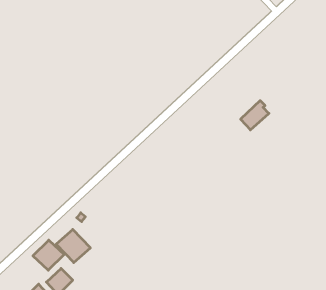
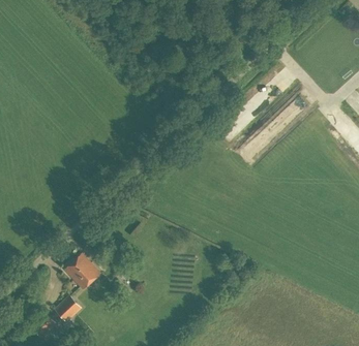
building: [33,240,64,270] -> none

